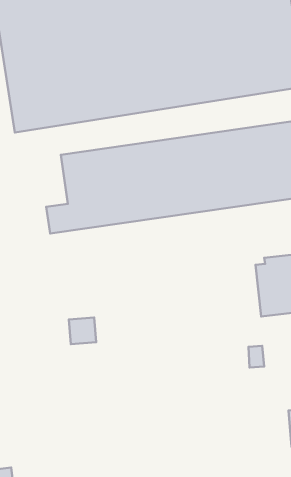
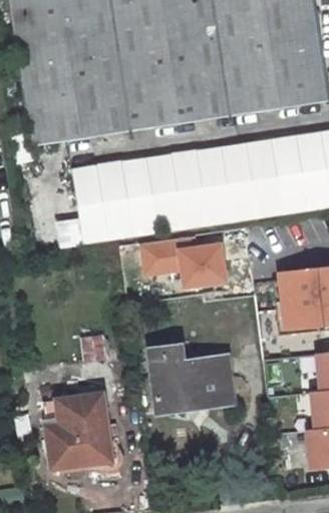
building: none -> [142,237,227,287]
building: none -> [151,344,234,407]
building: none -> [44,392,112,468]

